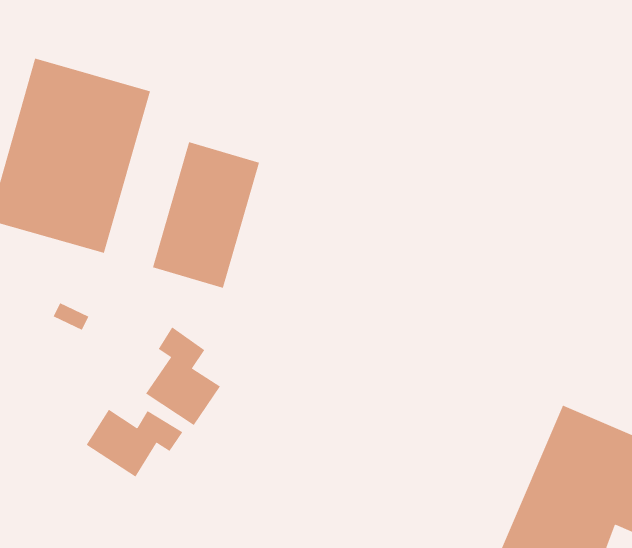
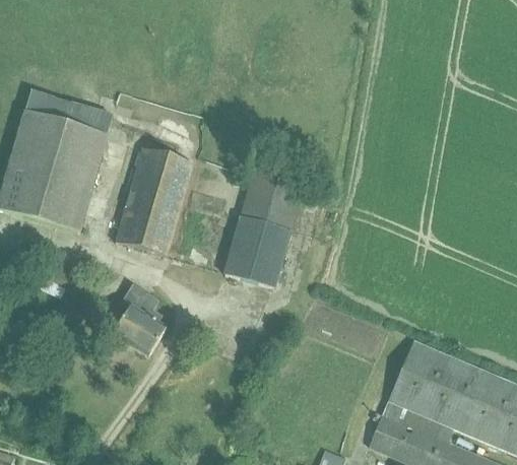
building: none -> [225,173,304,286]
building: [86,409,183,478] -> none

